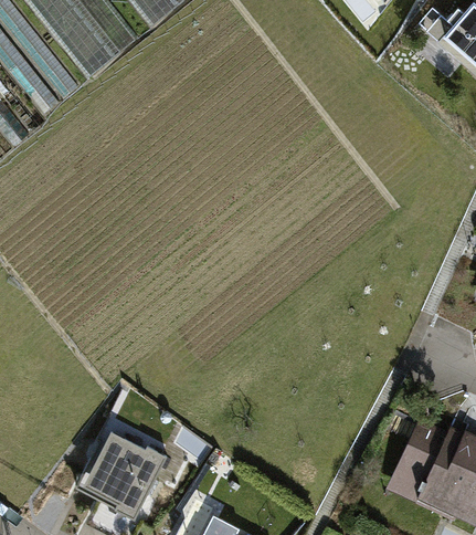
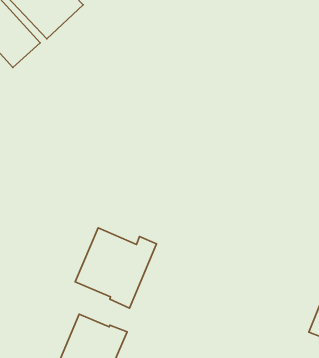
building: none -> [75,228,156,308]

